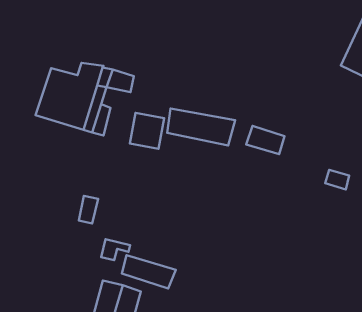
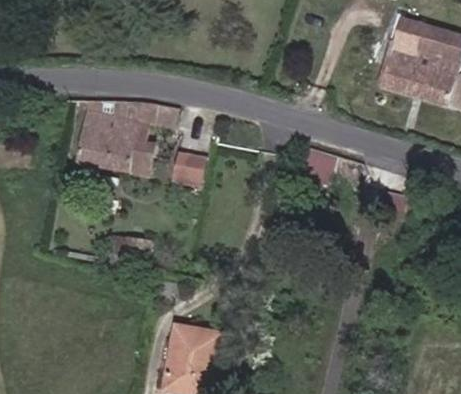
building: [167,109,235,145] -> none
building: [122,255,176,289] -> none

